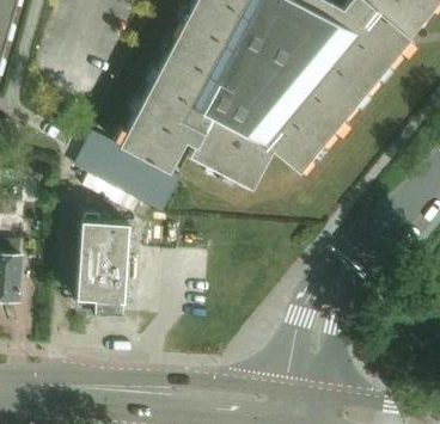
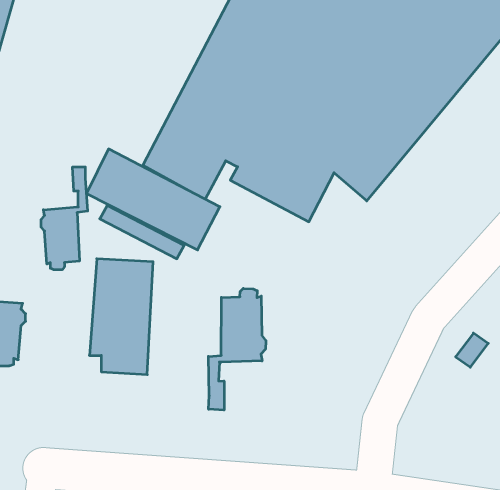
building: none -> [41,167,88,270]
building: none -> [208,288,266,410]

